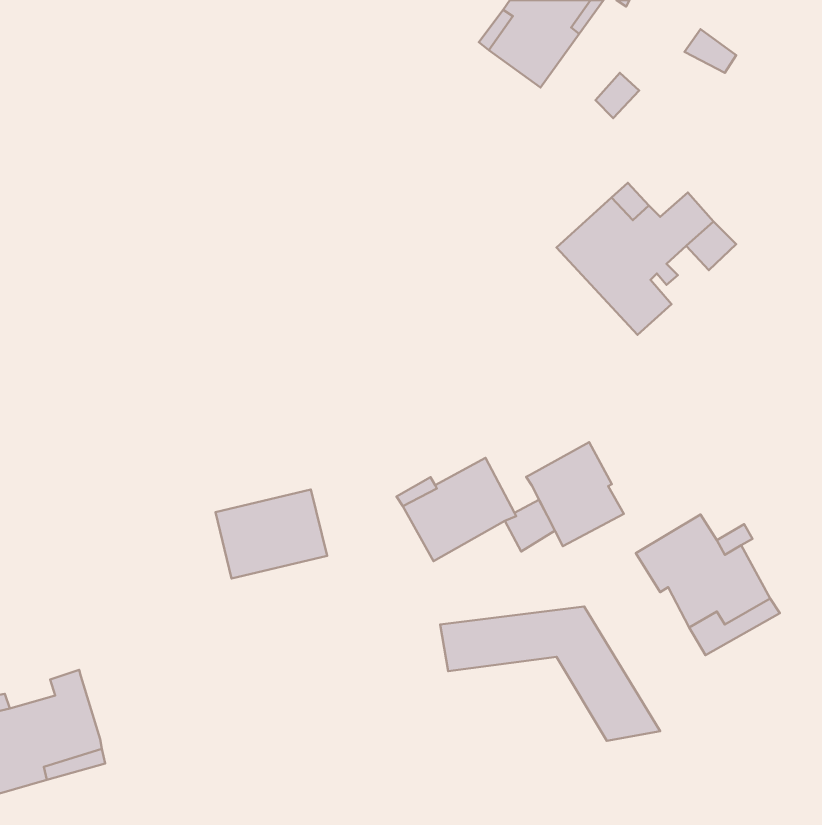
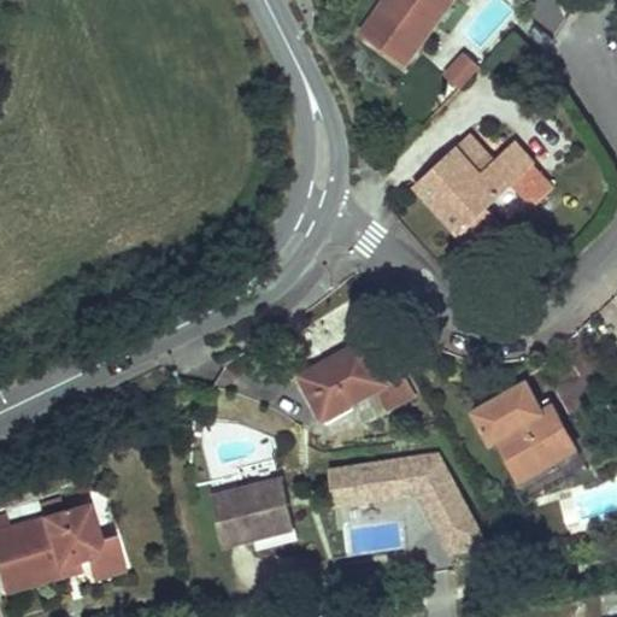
building: [526,442,624,546] -> none
building: [215,489,327,578] -> [211,482,294,548]
building: none -> [60,498,121,575]

